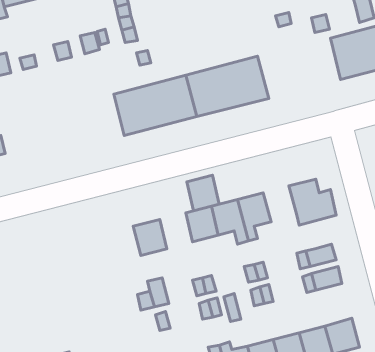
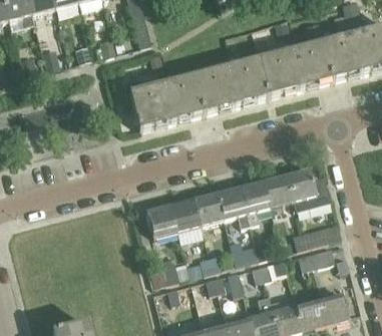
building: none -> [258,42,332,96]
building: [187,175,219,211] -> [170,199,200,231]
building: none -> [263,175,293,207]

